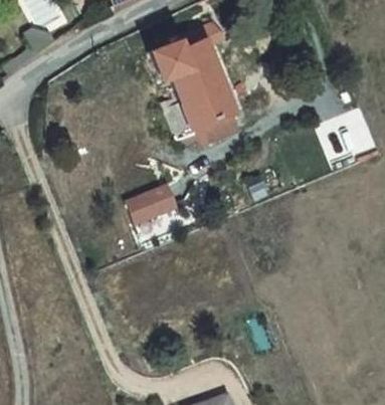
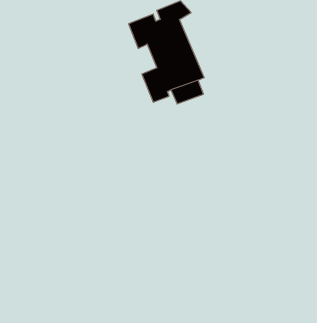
building: [129,188,174,223] -> none

